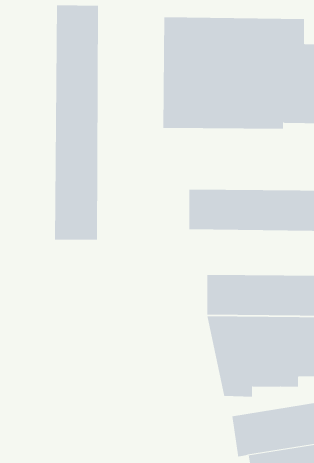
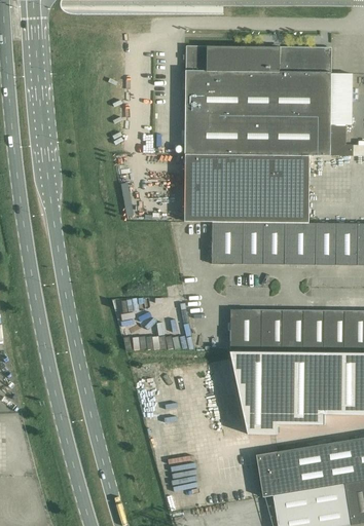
building: [54,4,98,241] -> none
building: none -> [183,159,308,222]

